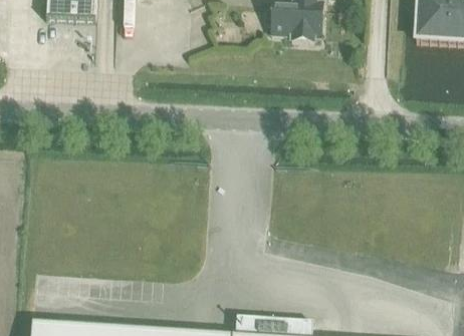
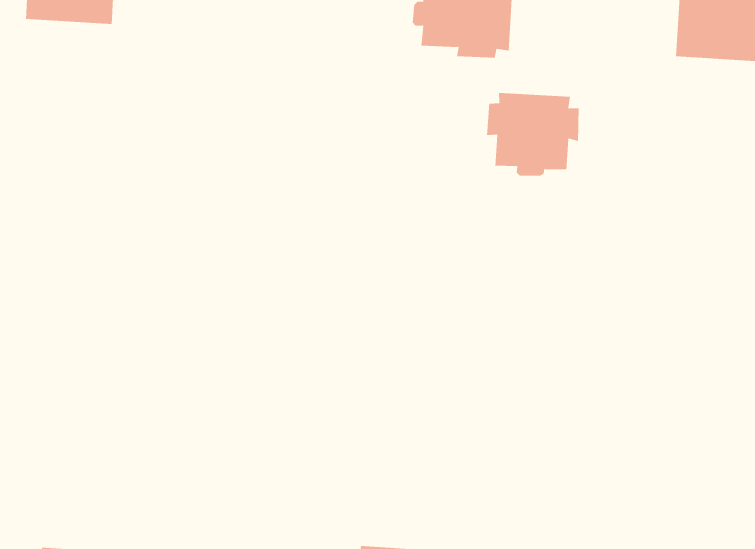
building: none -> [487,92,579,177]

